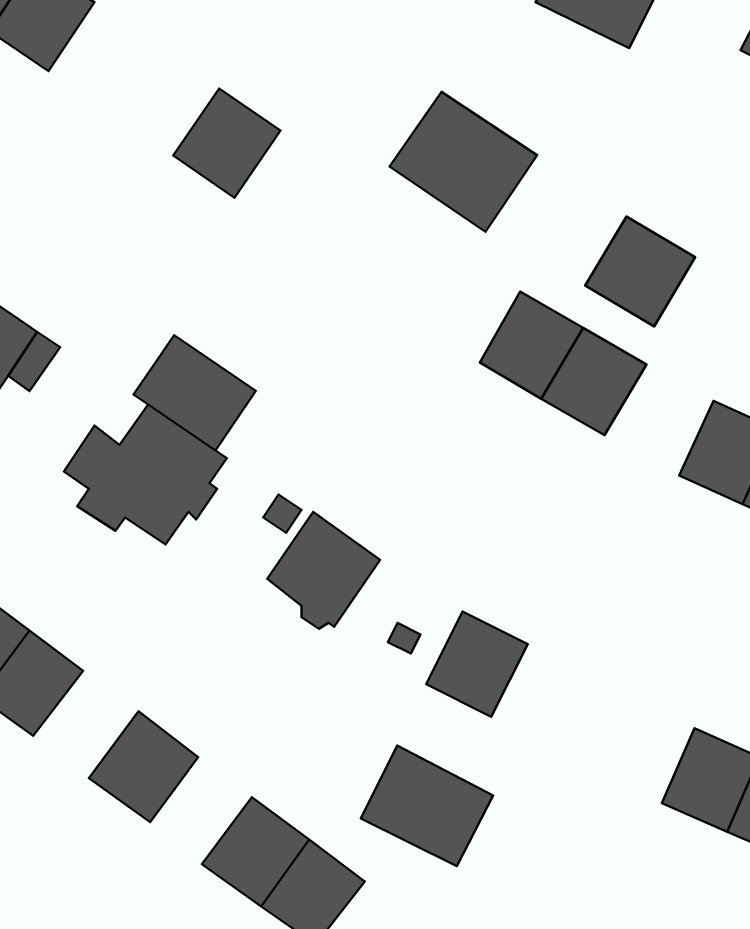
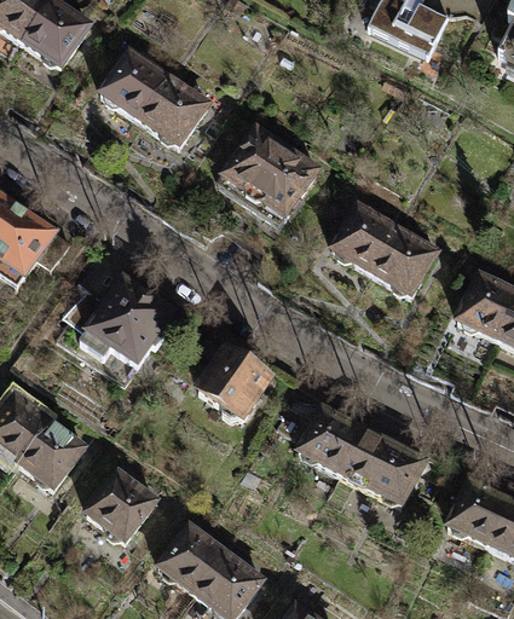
building: none -> [100,51,169,120]
building: [390,92,537,232] -> [225,129,318,218]
building: [585,216,695,326] -> none
building: [134,335,256,450] -> none
building: [361,746,493,866] -> [341,428,425,504]

